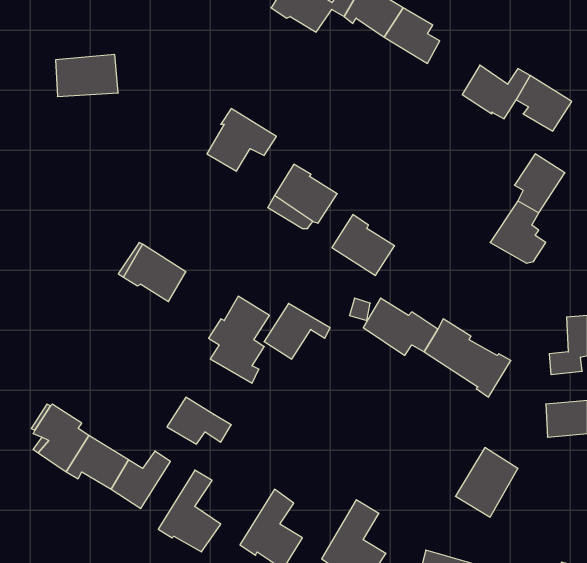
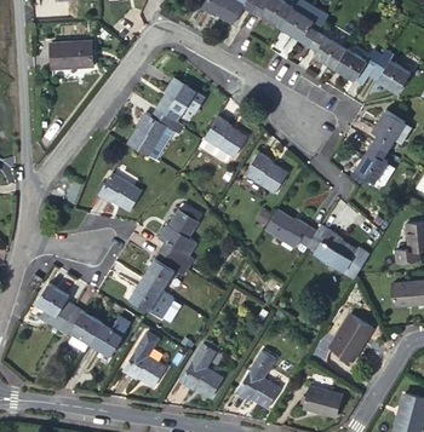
building: none -> [310,30,346,68]
building: none -> [127,109,184,161]
building: [264,303,330,359] -> [142,252,188,290]

